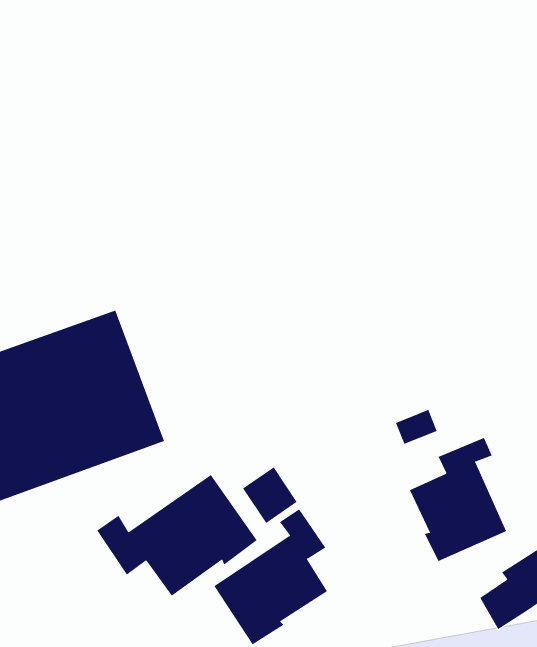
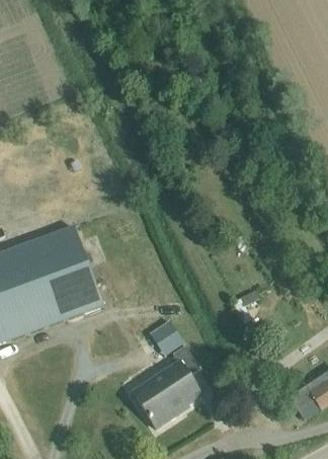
building: [409,437,507,562] -> none
building: [97,474,258,597] -> none

